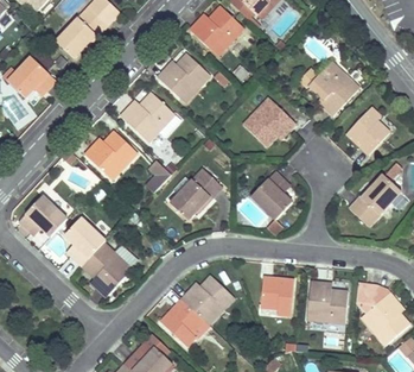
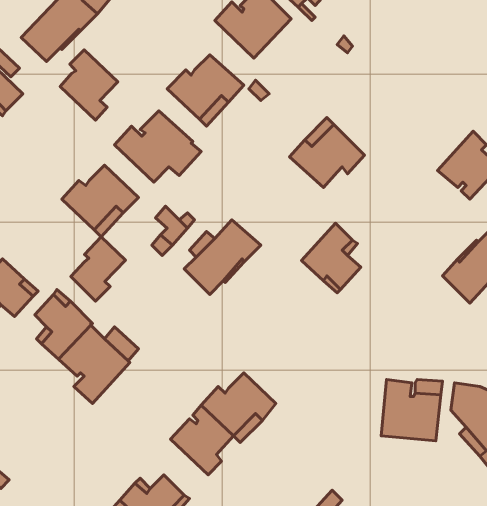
building: none -> [60,50,118,120]
building: [298,62,358,116] -> none
building: none -> [71,237,126,301]
building: [259,276,293,316] -> none

